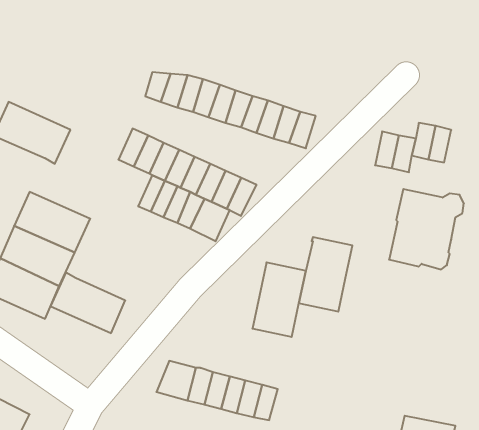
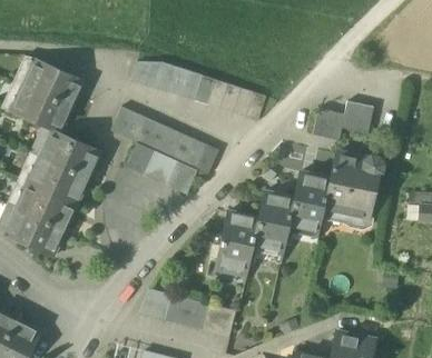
building: none -> [22,59,84,108]
building: none -> [288,172,330,231]
building: [50,272,125,333] -> [39,130,98,178]

